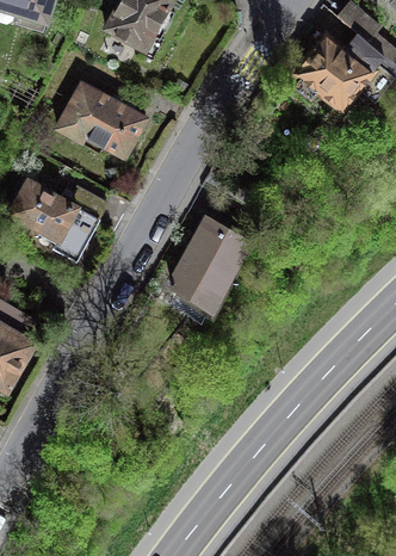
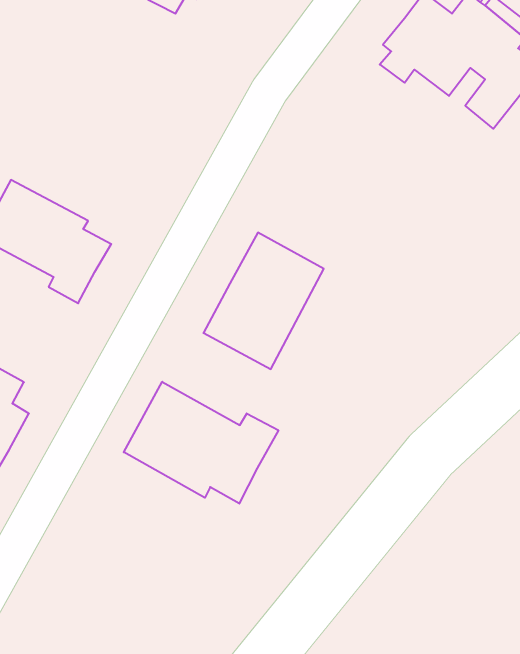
building: [52,79,149,160] -> none
building: none -> [124,382,278,504]

